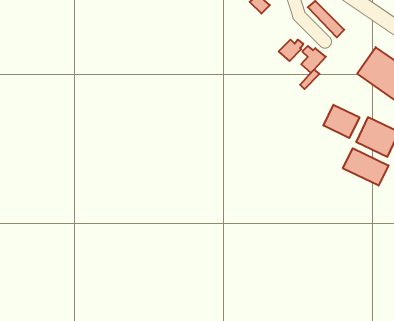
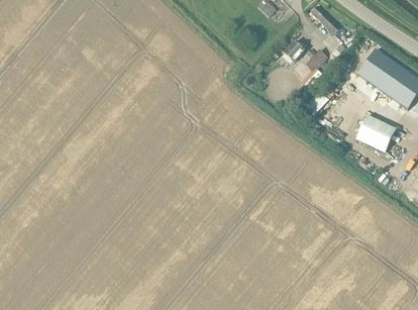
building: [323,105,359,138] -> none
building: [343,148,389,186] -> none

